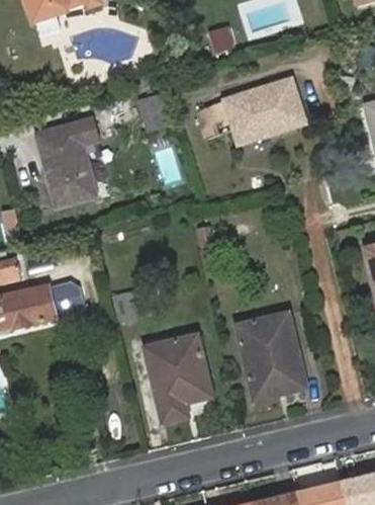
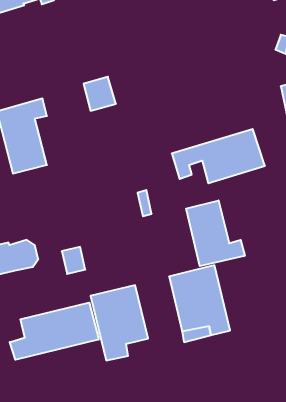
building: [196,80,304,143] -> [172,129,265,183]
building: none -> [186,200,245,266]
building: none -> [10,303,99,360]

